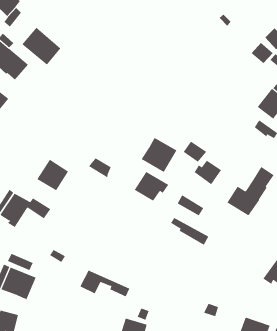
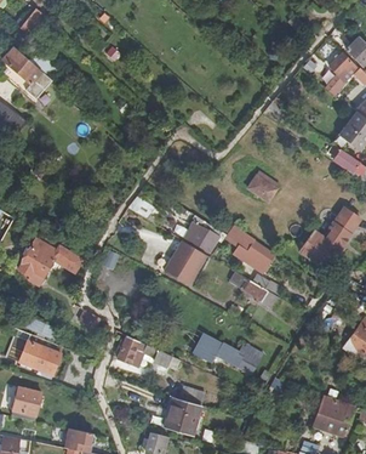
building: [21,27,61,65] -> none
building: [141,137,177,173] -> none
building: [37,159,69,191] -> none
building: [194,160,222,185] -> none
building: none -> [164,239,210,284]
building: none -> [196,331,263,368]

